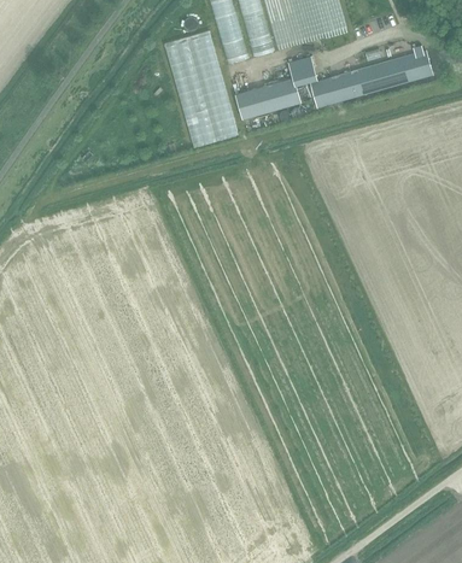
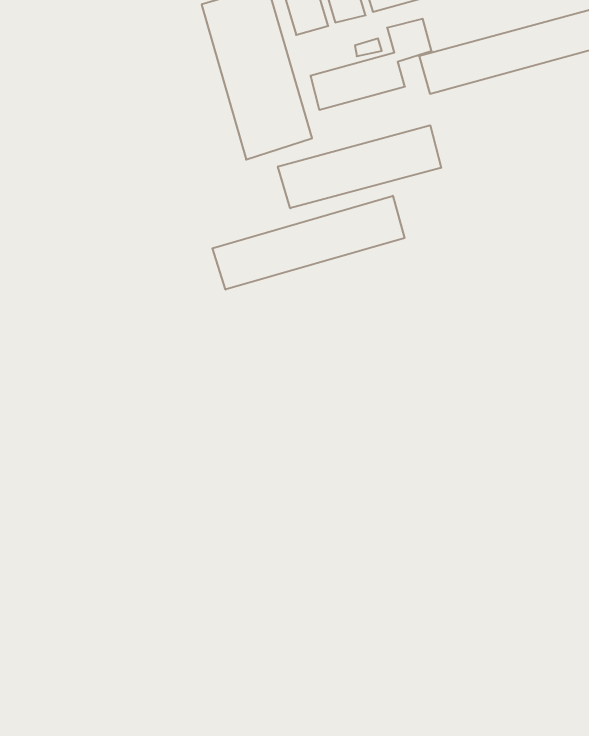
building: none -> [278,125,441,208]
building: none -> [212,196,405,290]

